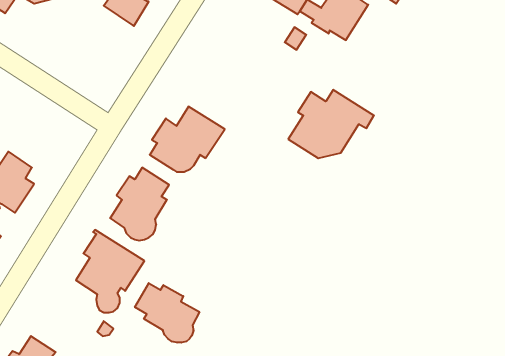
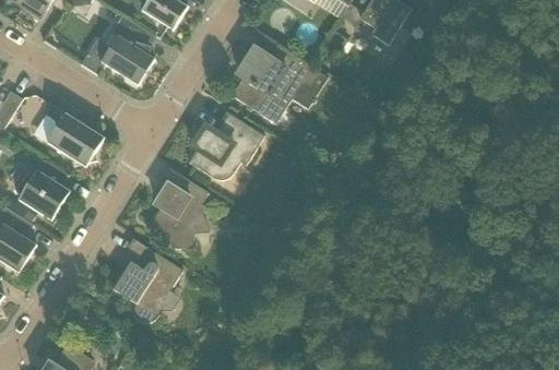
building: none -> [83,17,154,84]
building: [288,90,374,158] -> [230,44,318,114]
building: none -> [44,103,104,165]
building: [135,283,199,343] -> none

